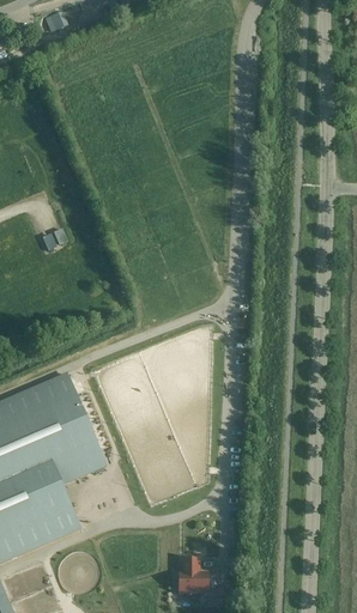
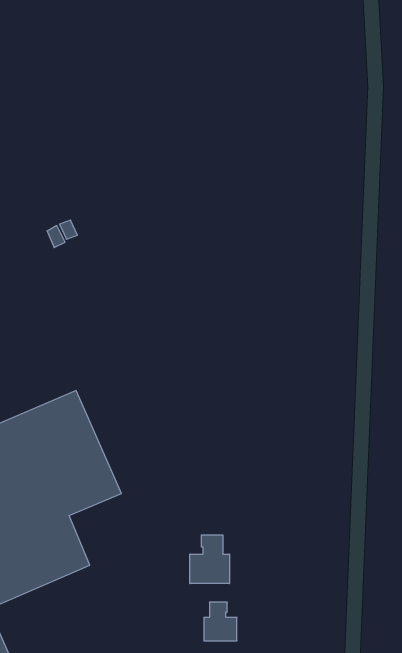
building: none -> [190,535,229,584]

